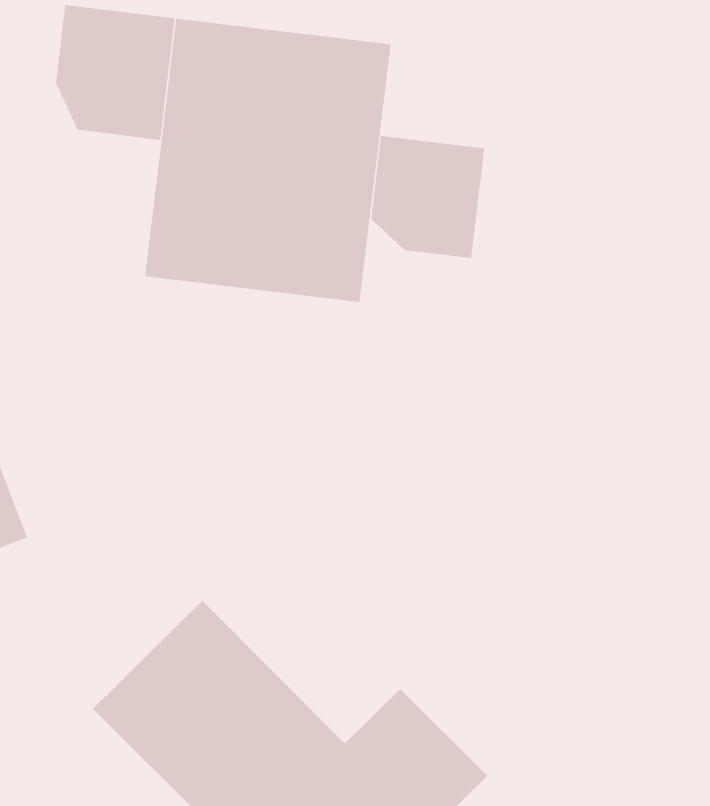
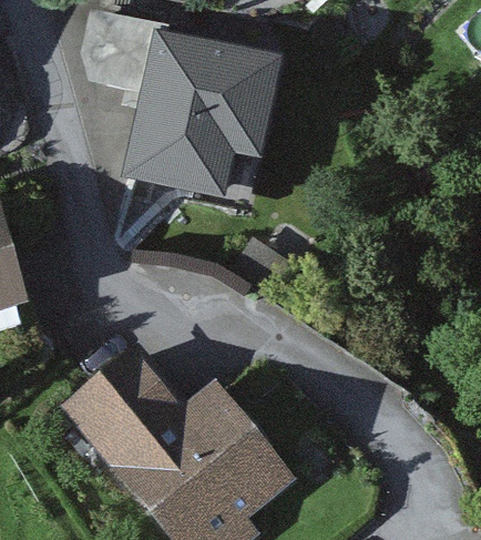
building: [371,135,485,259] -> none

